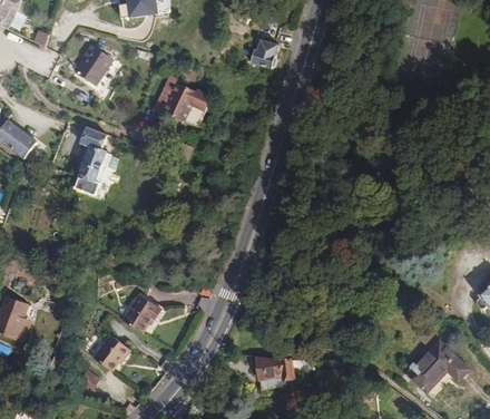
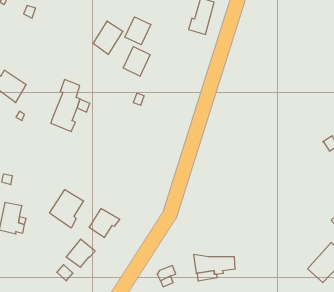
building: [76,43,115,87] -> [93,21,123,54]
building: none -> [125,17,151,45]
building: none -> [50,190,84,228]

